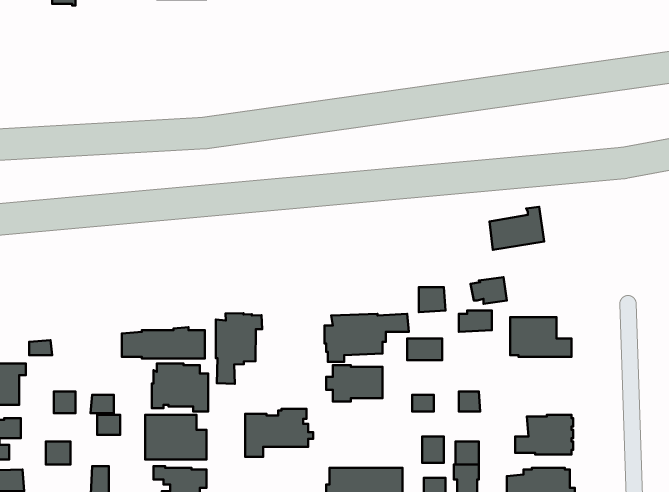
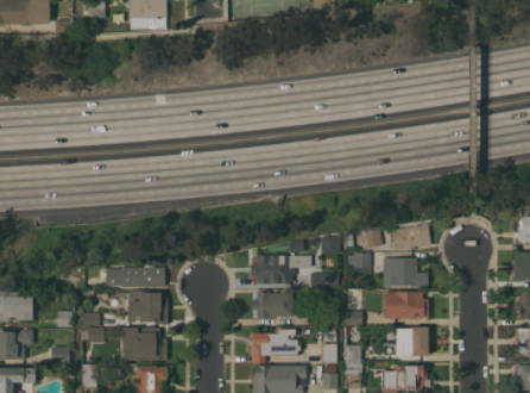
building: [490,207,544,250] -> [391,219,430,250]
building: [216,313,262,384] -> none
building: none -> [383,292,429,318]
building: [245,409,313,457] -> [252,329,301,363]

